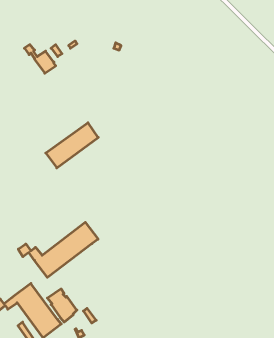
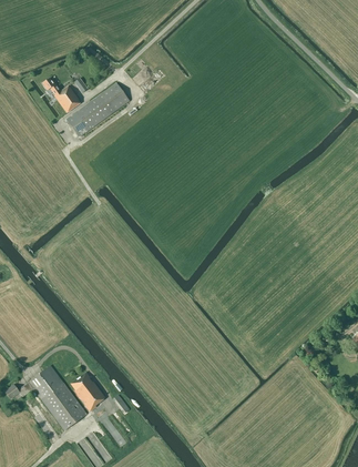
building: [46,123,98,168] -> [65,82,129,136]
building: [18,222,98,277] -> none

